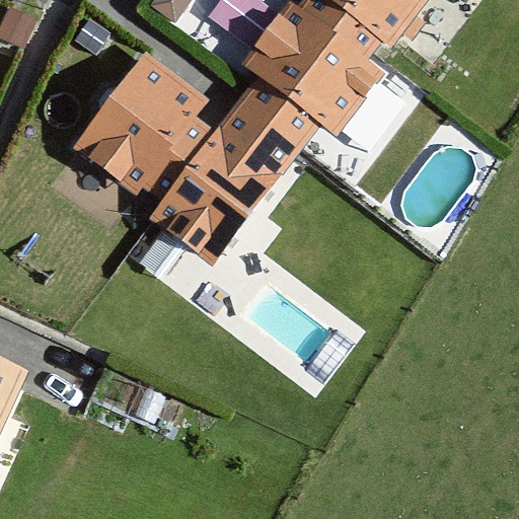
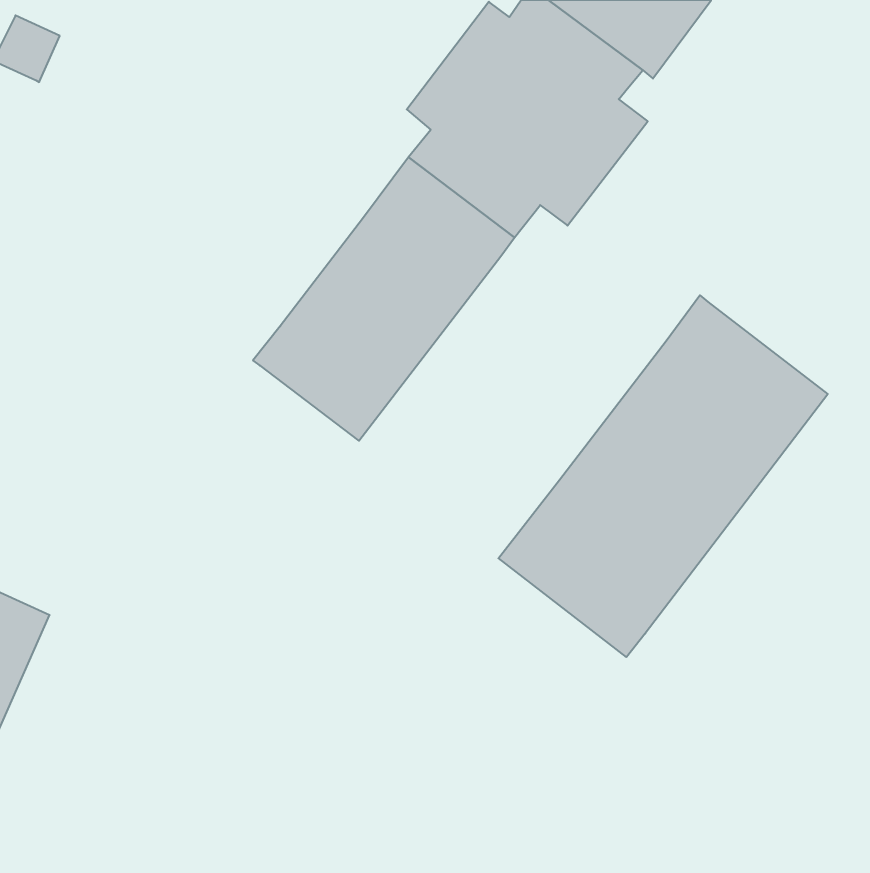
building: [70,51,215,194] -> none
building: none -> [498,295,828,657]

